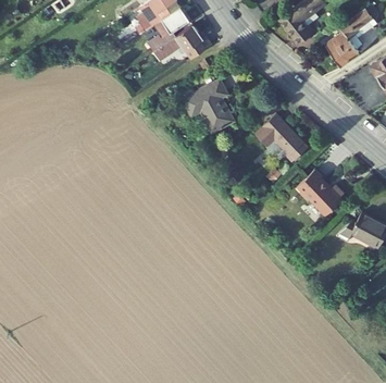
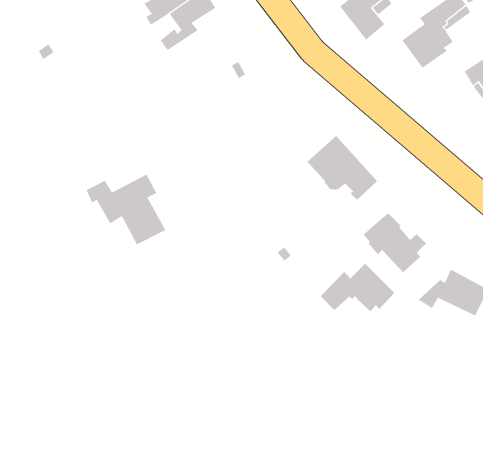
building: [153,25,212,61] -> none
building: [175,81,234,133] -> [86,174,166,245]
building: none -> [320,263,395,312]

